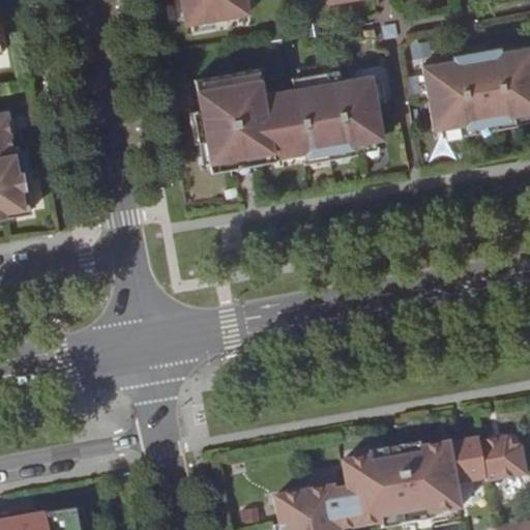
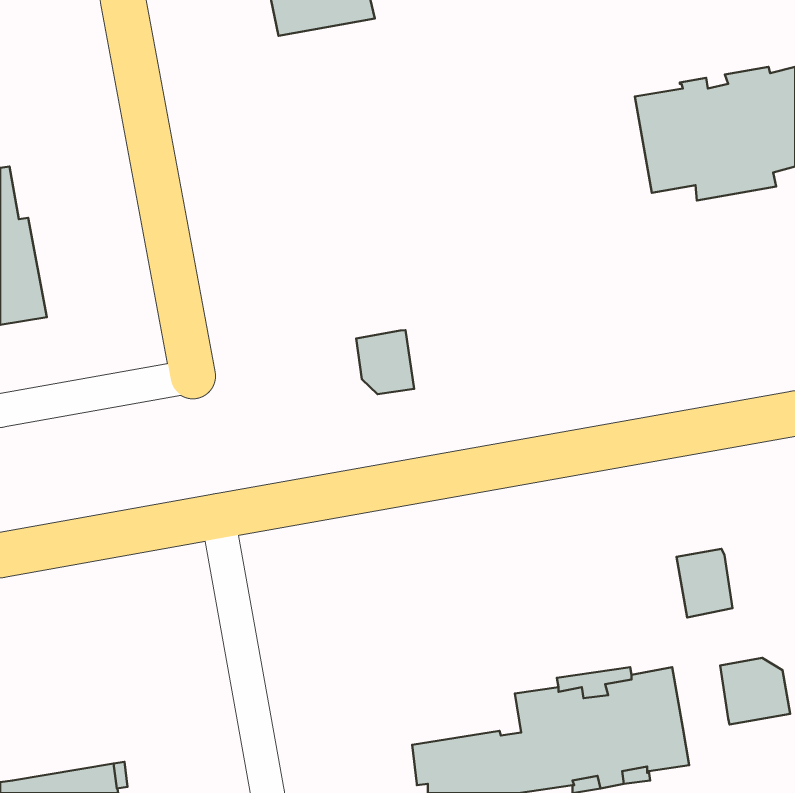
building: [195,67,383,170] -> none
building: none -> [356,330,414,394]
building: [447,439,484,484] -> [676,549,732,617]

